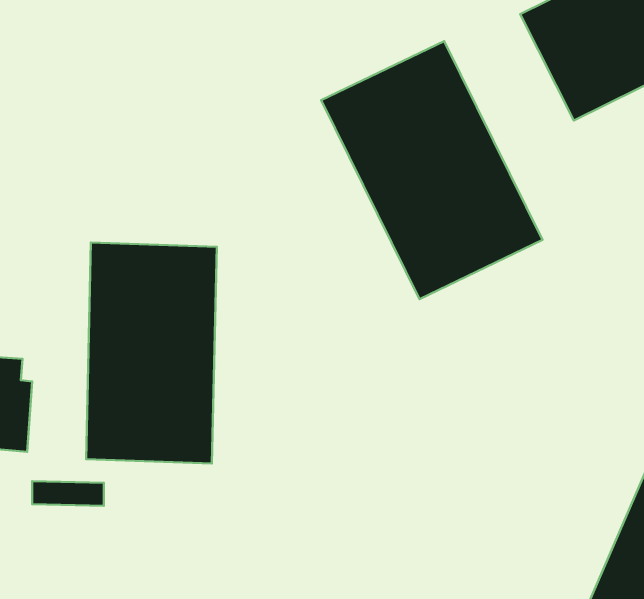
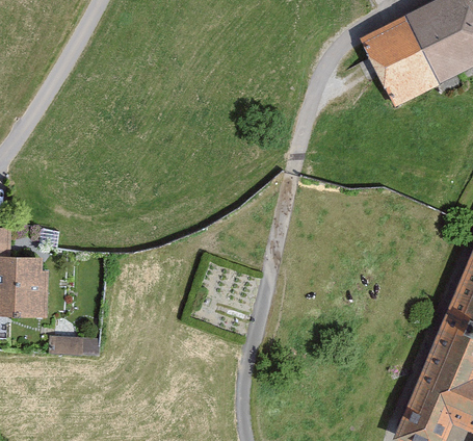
building: [321,41,542,299] -> none
building: [86,242,217,464] -> none

